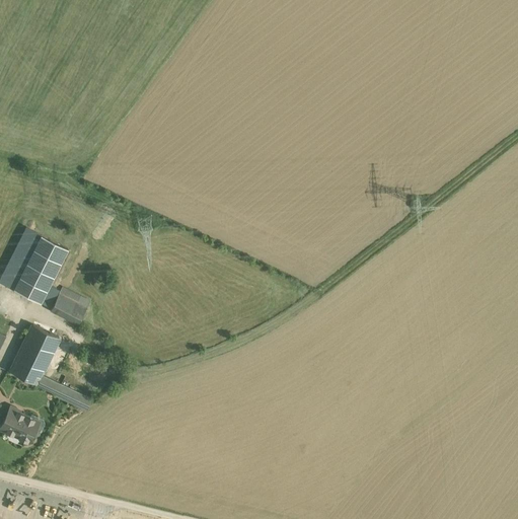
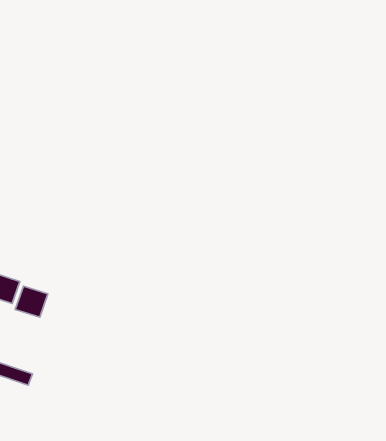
building: none -> [15,286,48,317]

